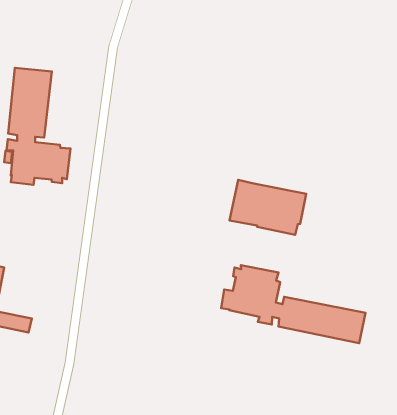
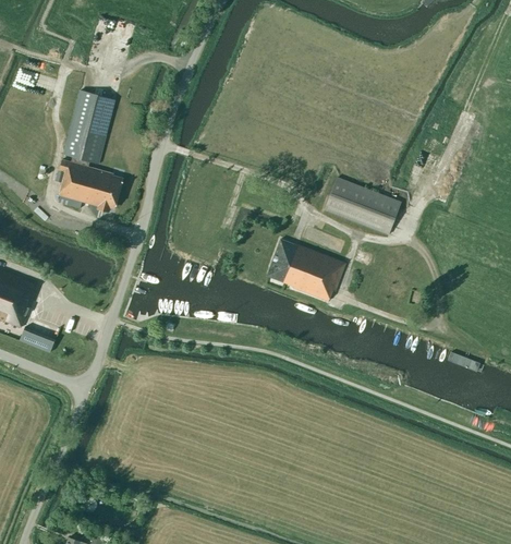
building: none -> [325,178,401,234]
building: [221,265,365,343] -> none

